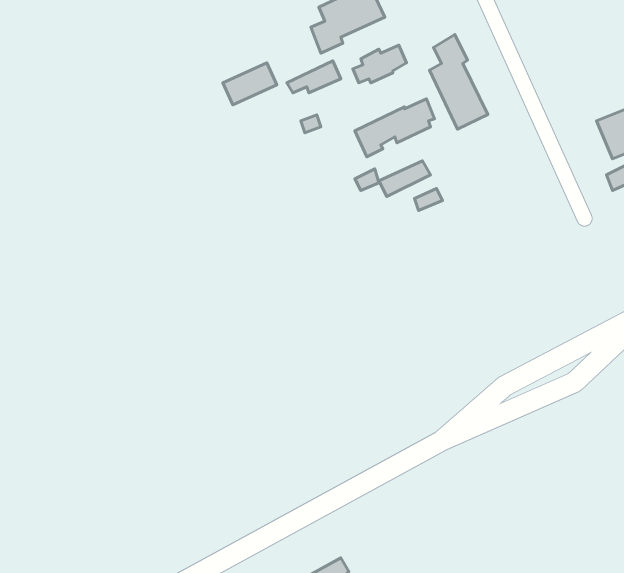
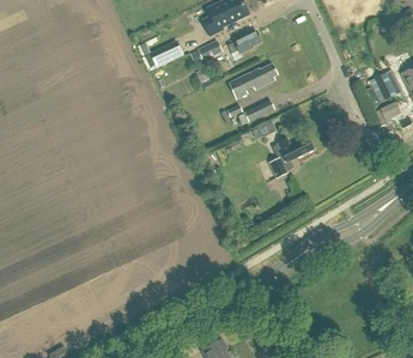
building: [430,35,488,129] -> none
building: none -> [271,138,314,176]

